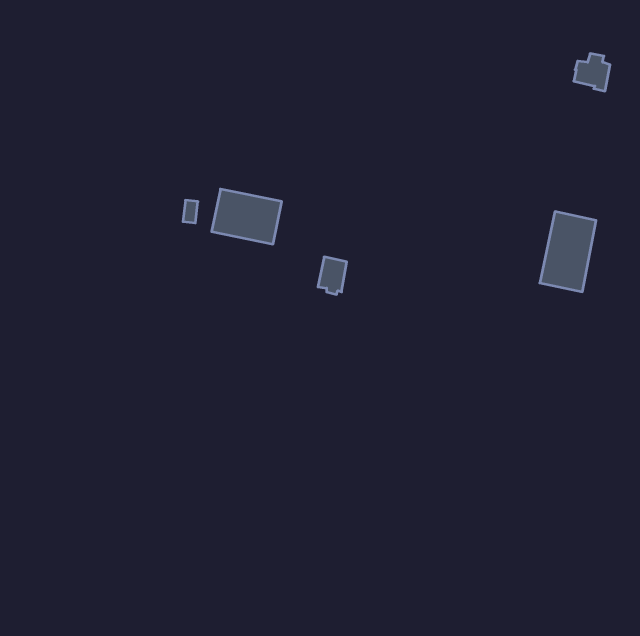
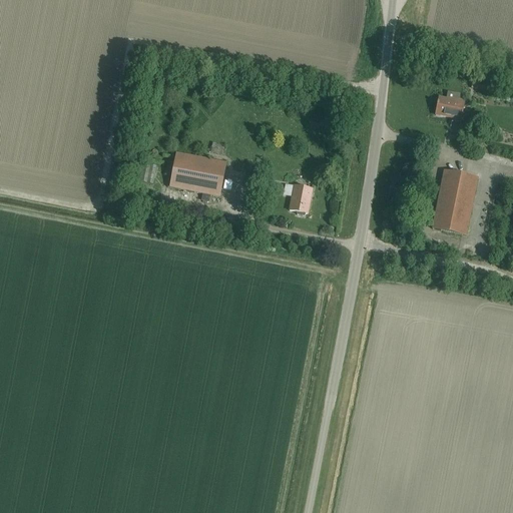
building: [574,54,610,91] -> [435,90,464,120]
building: [318,257,347,294] -> [289,184,312,214]

